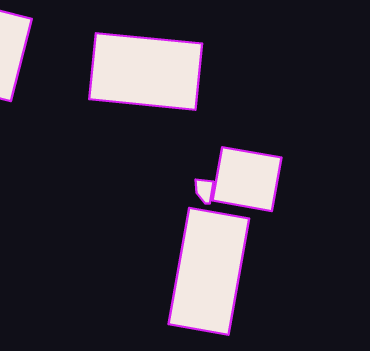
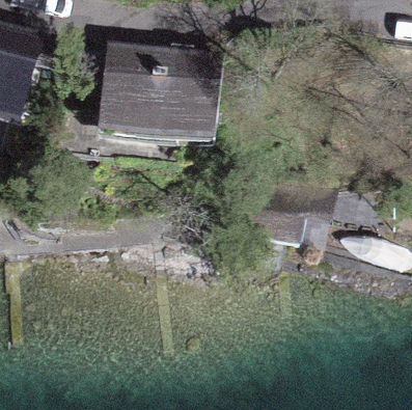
building: [168,208,249,335] -> none

